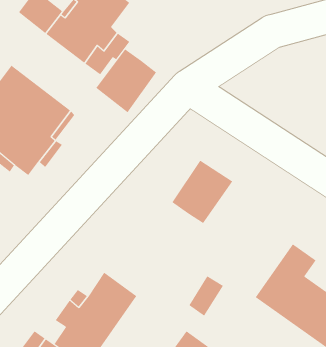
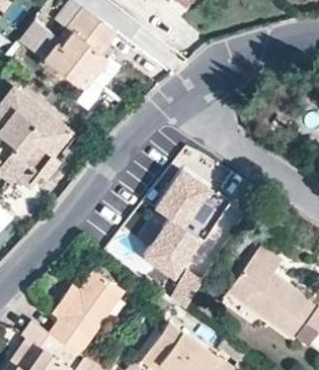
building: [95,49,157,113] -> none
building: none -> [144,218,200,276]

